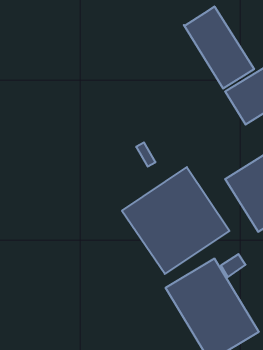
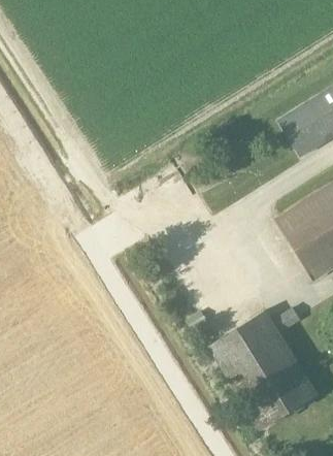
building: [184,6,254,89] -> none
building: [122,167,229,274] -> none

